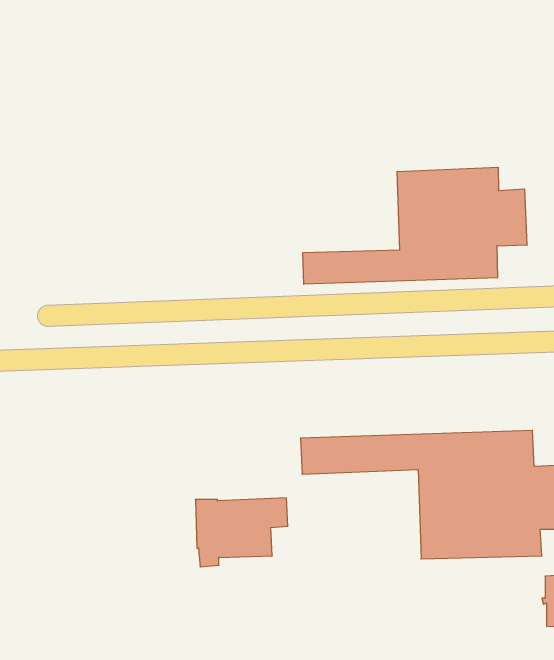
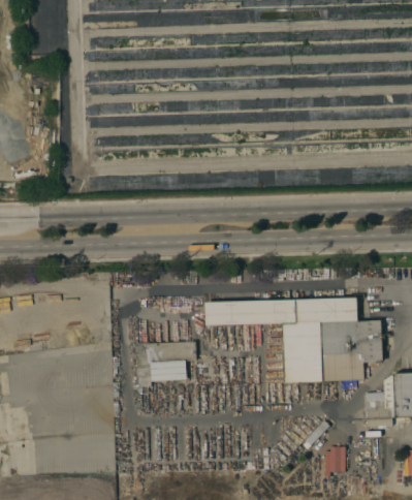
building: [303,167,527,284] -> none

